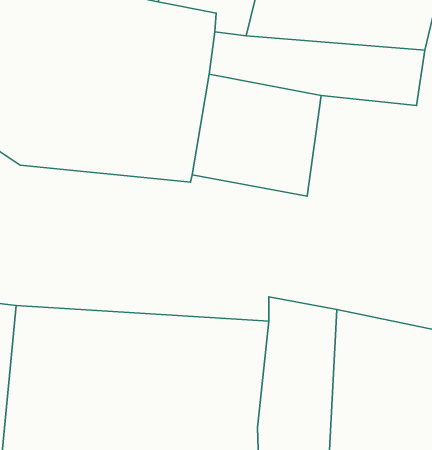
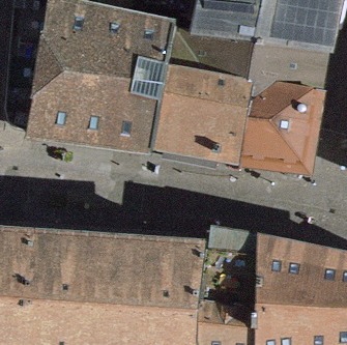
building: none -> [240,83,320,166]

